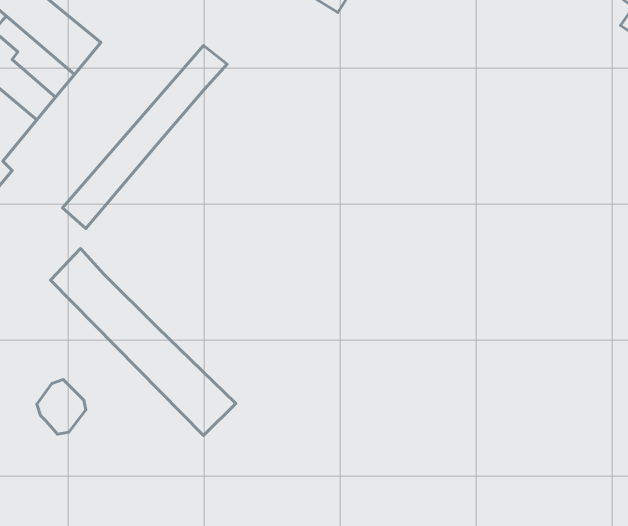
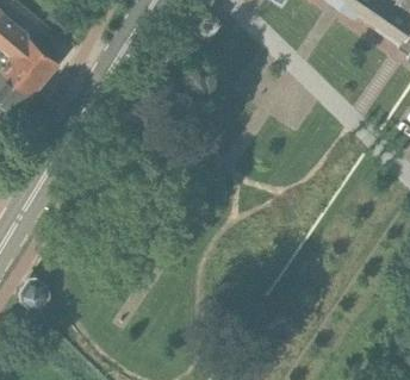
building: [62,45,227,228] -> none
building: [50,248,236,435] -> none

